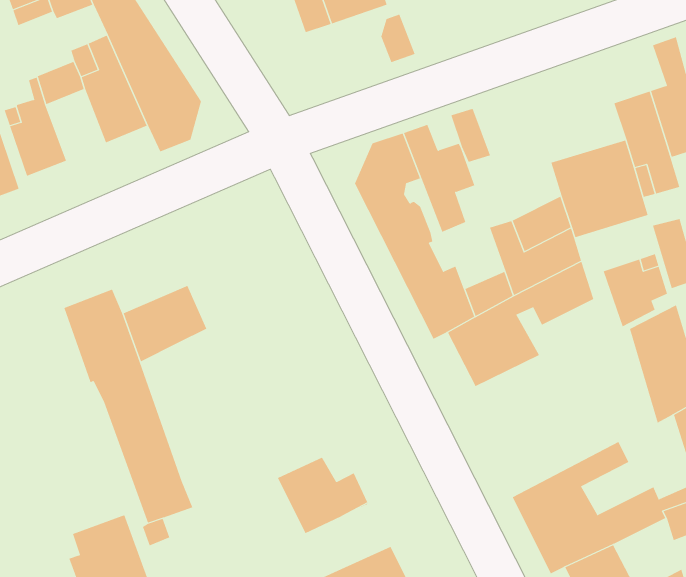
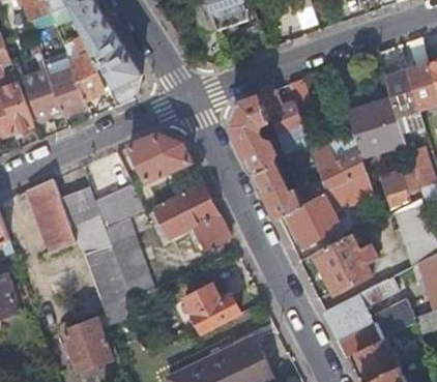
building: none -> [49,68,87,117]
building: none -> [126,134,191,181]
building: none -> [26,178,75,251]
building: none -> [152,182,229,249]
building: none -> [105,218,152,300]
building: none -> [314,232,377,293]

